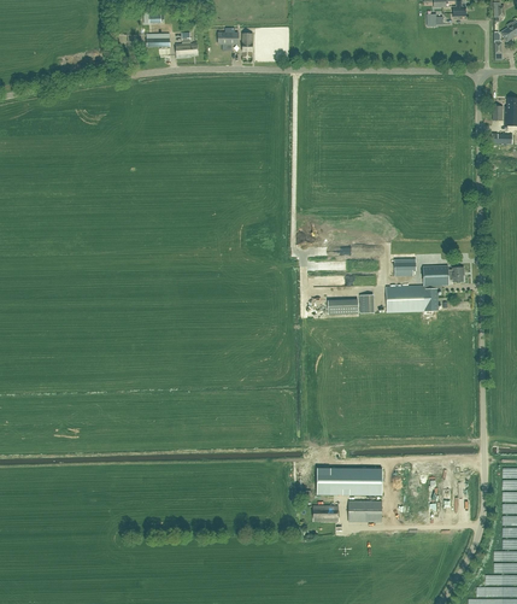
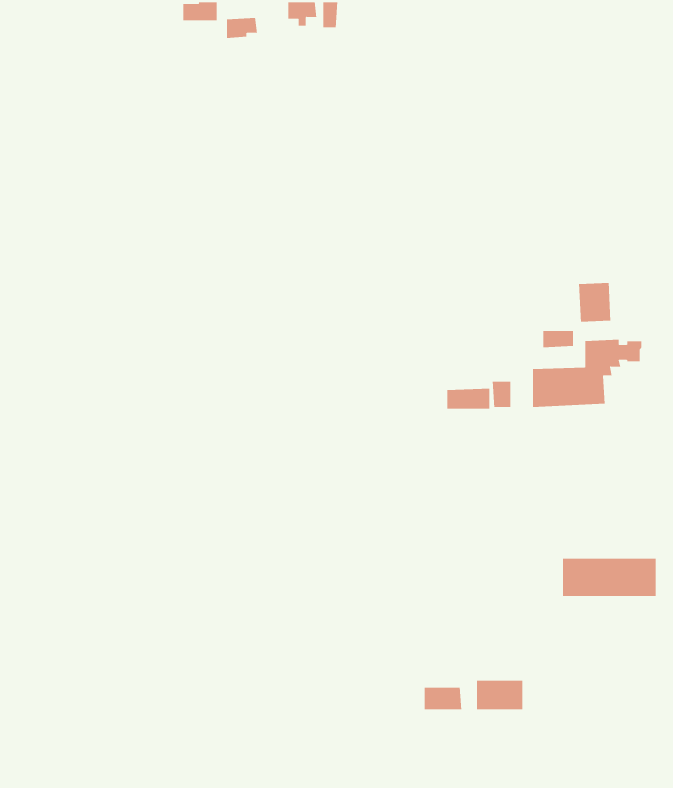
building: none -> [579,282,611,322]
building: [316,468,381,494] -> [562,558,657,596]

